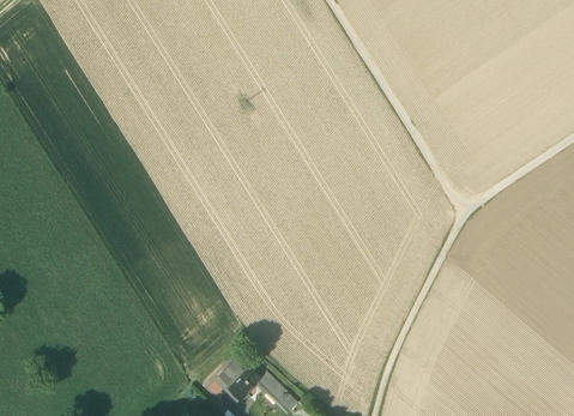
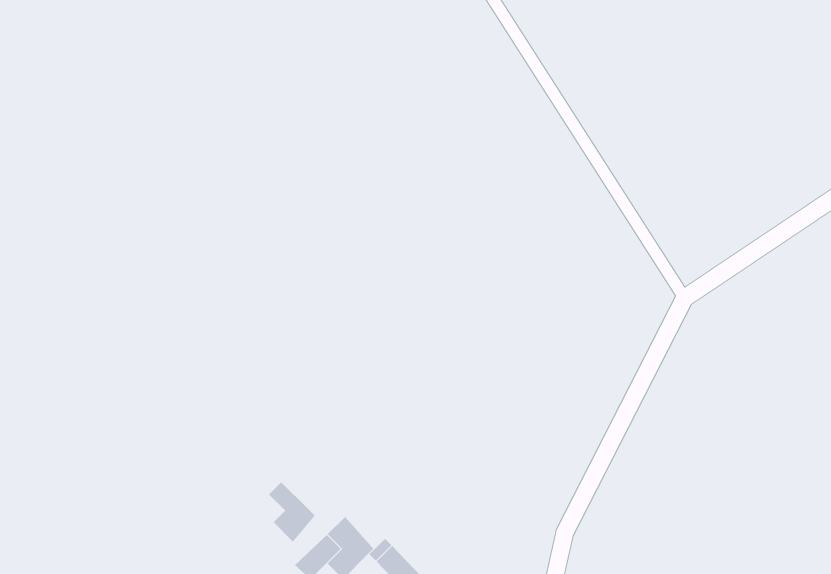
building: none -> [268,481,316,542]

